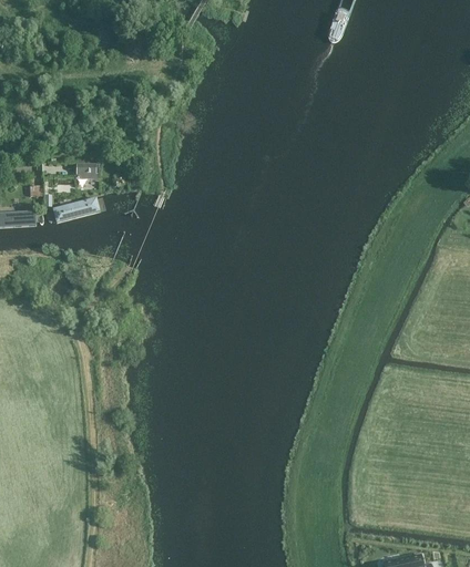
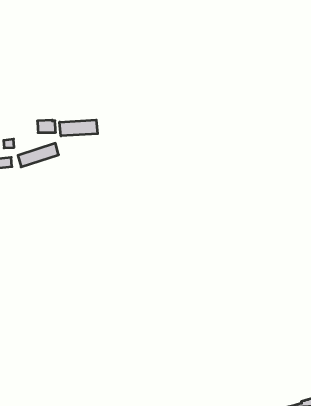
building: none -> [60,120,98,136]

